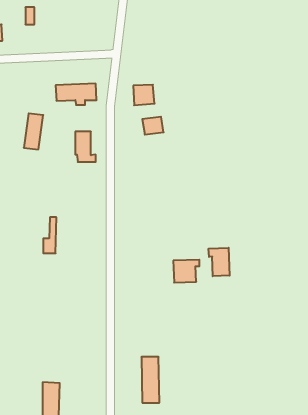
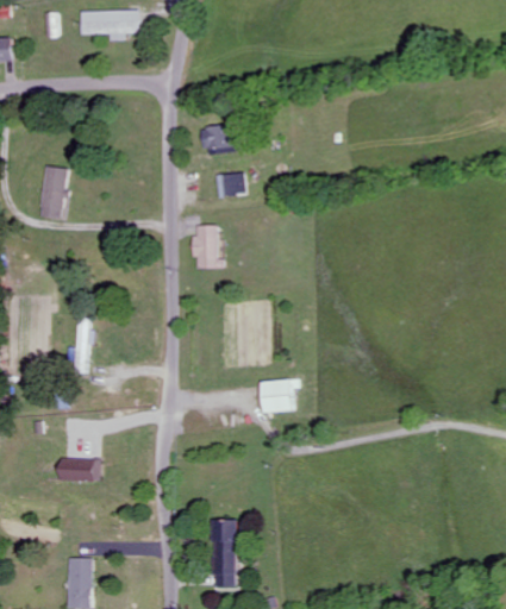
building: [56,84,97,105] -> [79,10,138,40]
building: [75,132,96,162] -> [192,225,221,269]
building: [209,248,230,276] -> none
building: none -> [61,458,102,482]

